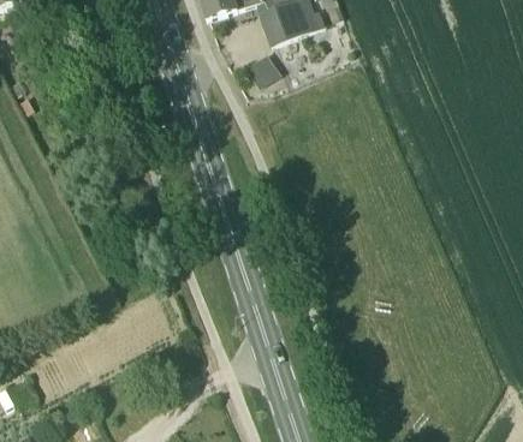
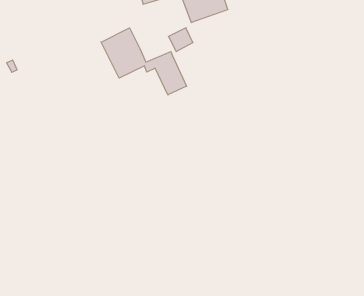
building: none -> [101,28,187,95]

